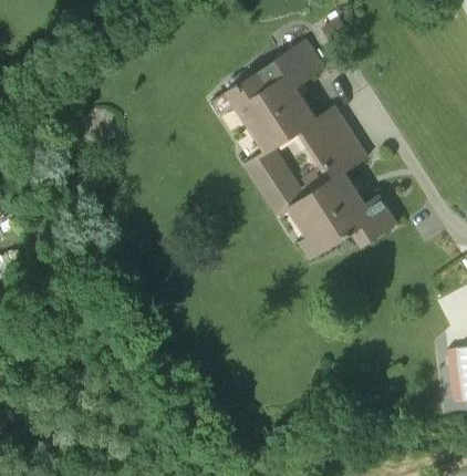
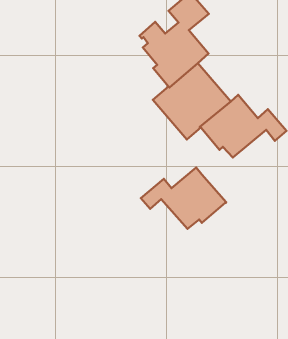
building: [303,110,364,179] -> none
building: none -> [141,167,226,229]

